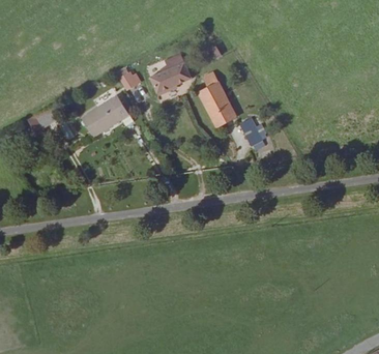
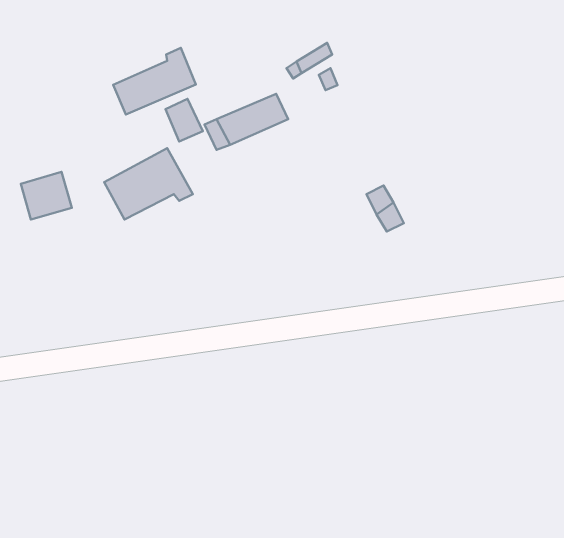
building: none -> [113,48,196,114]
building: [196,81,233,124] -> none

